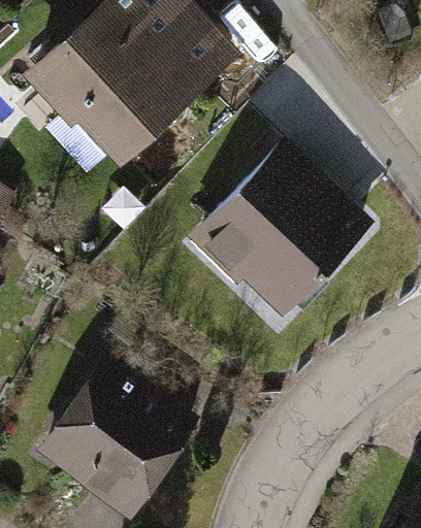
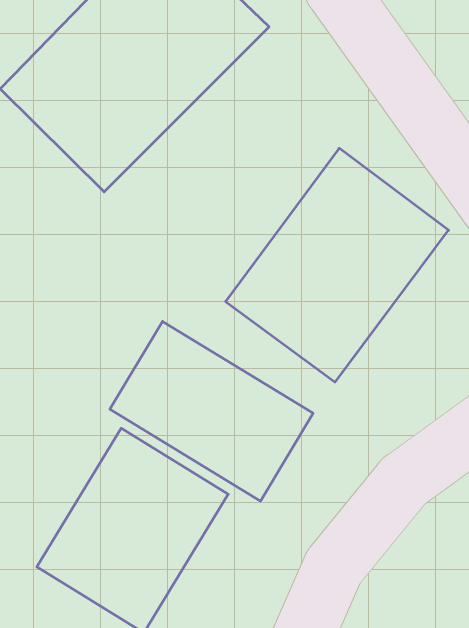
building: none -> [110,321,313,501]

